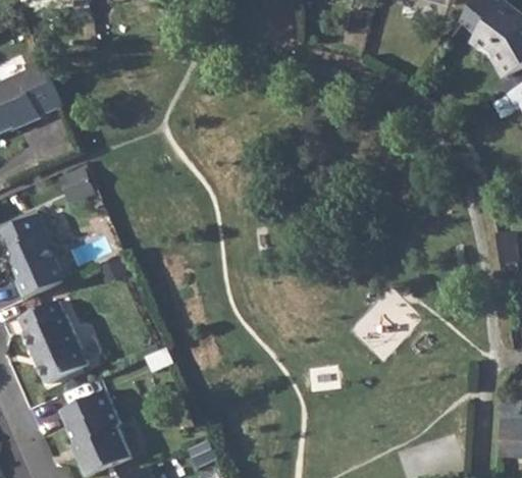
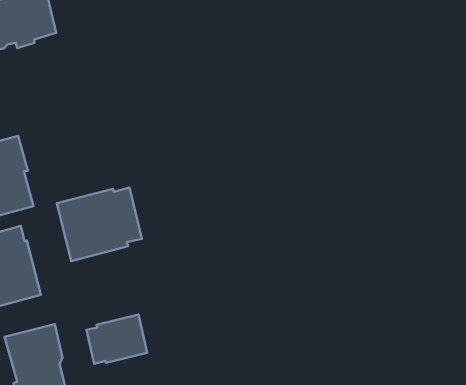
building: none -> [57,188,142,261]
building: none -> [87,315,147,364]

